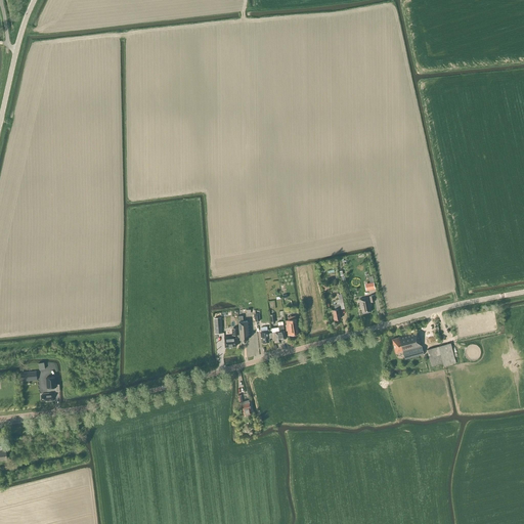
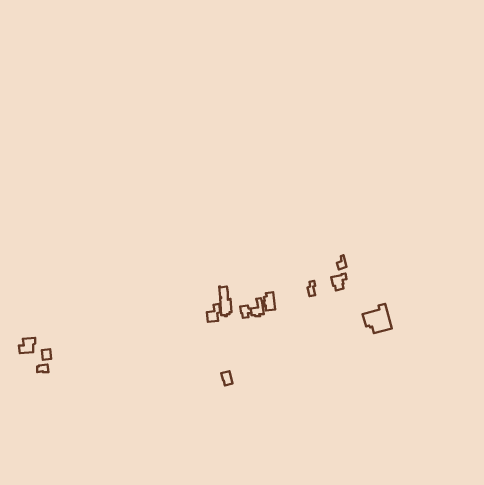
building: [426,343,454,366] -> none

